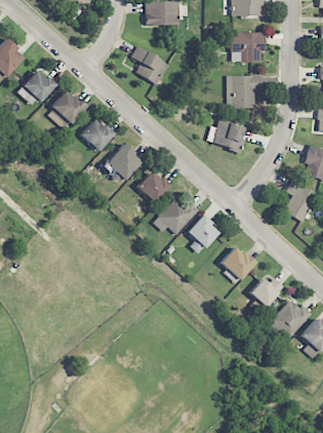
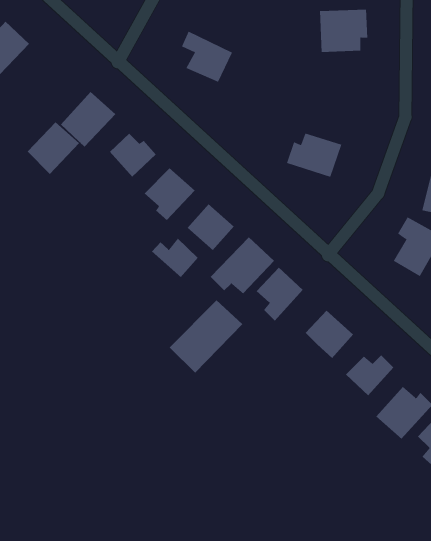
building: [17,69,55,107] -> [27,121,80,175]
building: [228,75,261,107] -> none
building: none -> [151,238,199,278]
building: none -> [169,300,243,374]

